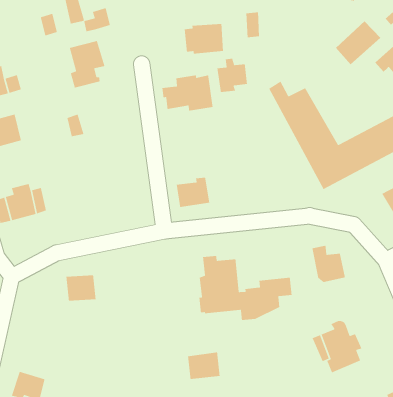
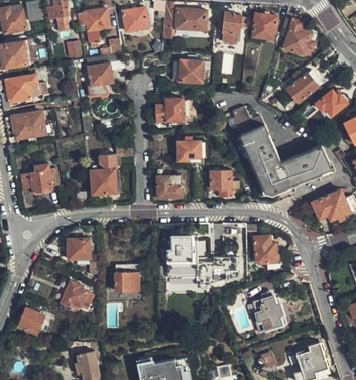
building: [216,58,248,93] -> [176,136,199,161]
building: none -> [89,153,114,194]
building: none -> [208,170,231,197]
building: none -> [60,279,89,307]
building: [187,351,220,380] -> [113,268,136,287]

